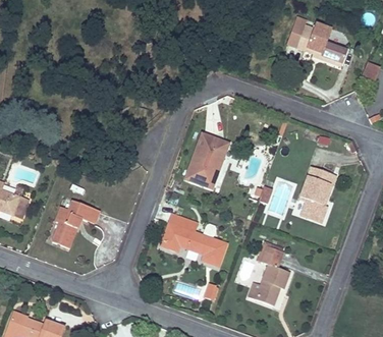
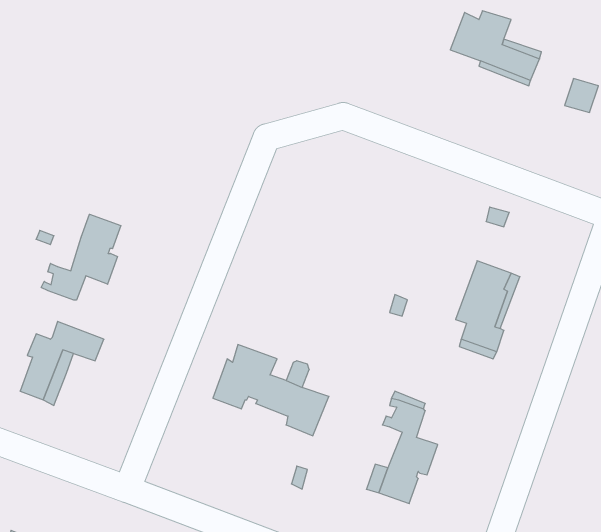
building: [185,133,228,187] -> none
building: none -> [41,214,121,300]

